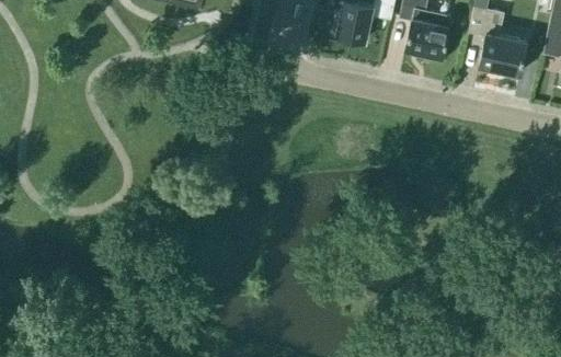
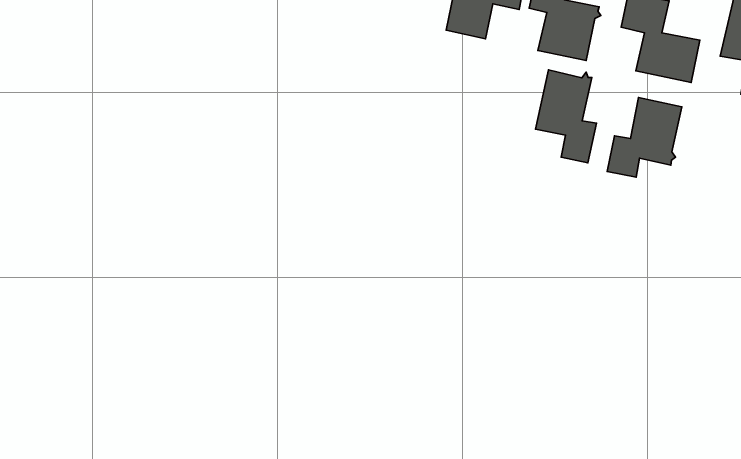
building: none -> [535,70,596,163]
building: none -> [607,98,682,177]

